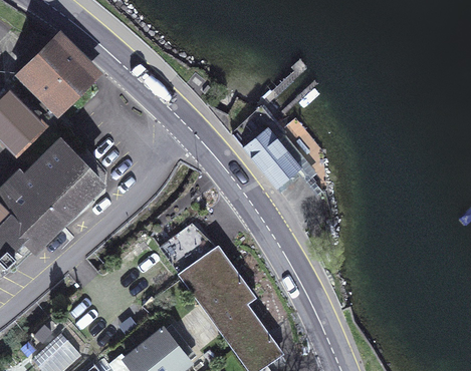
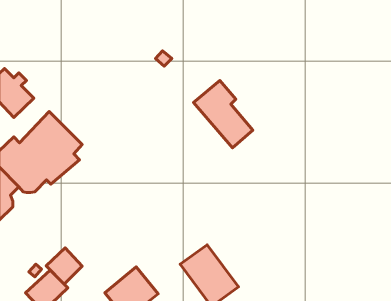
building: [13,36,91,119] -> none
building: [160,226,257,326] -> none
building: none -> [46,248,82,284]

